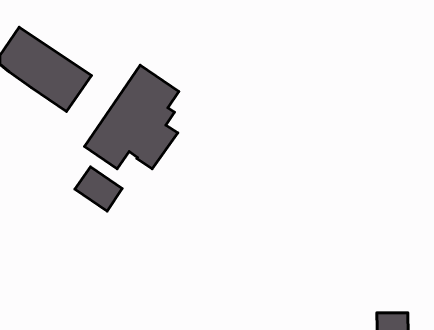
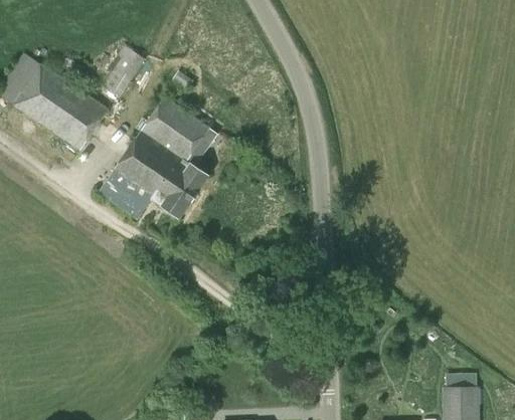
building: none -> [103,45,145,97]
building: [75,167,122,211] -> none

